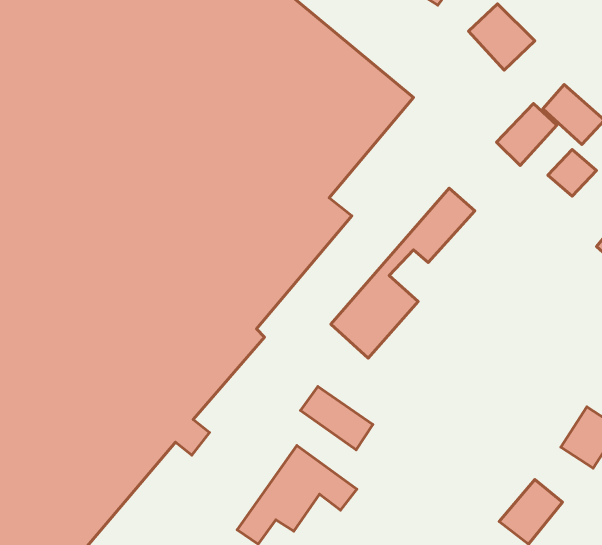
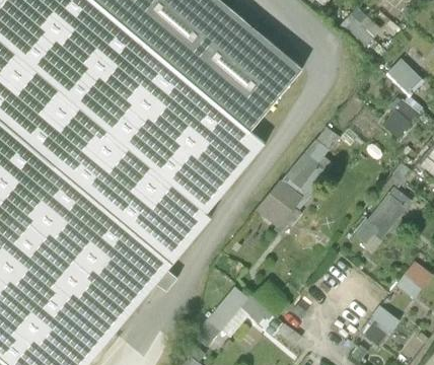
building: [497,103,557,166] -> none
building: none -> [351,187,414,250]
building: [301,387,373,450] -> none

